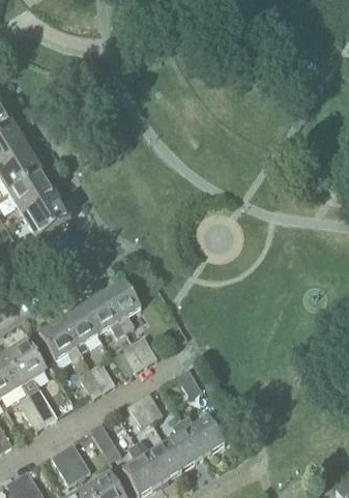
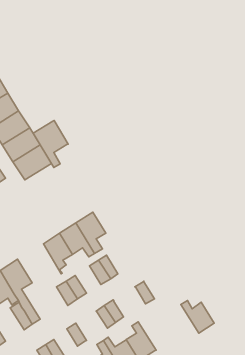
building: none -> [33,121,68,167]
building: [38,318,84,360] -> none
building: [182,412,225,453] -> [181,301,214,333]

